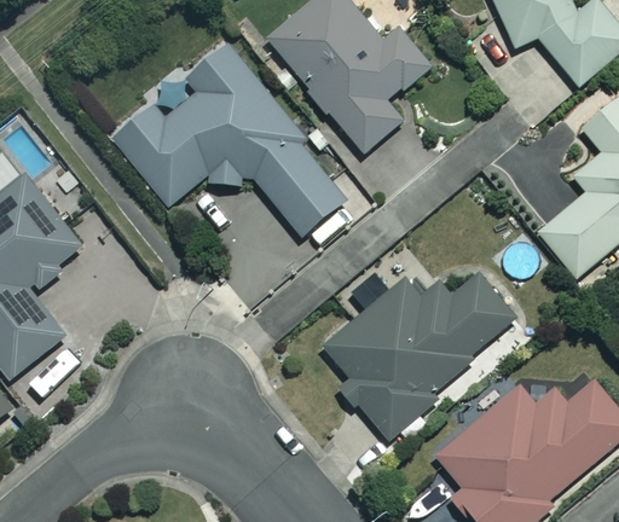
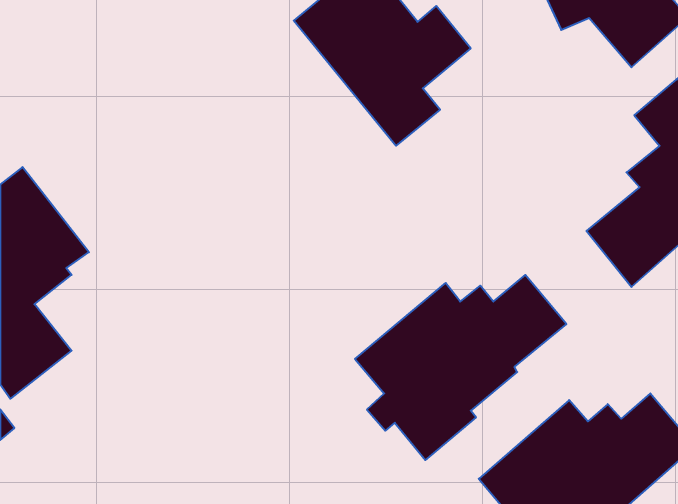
building: [112,42,346,234] -> none

